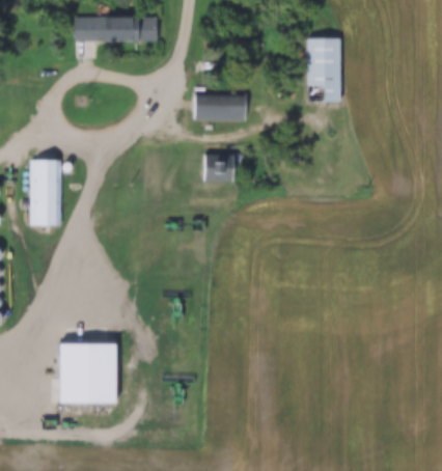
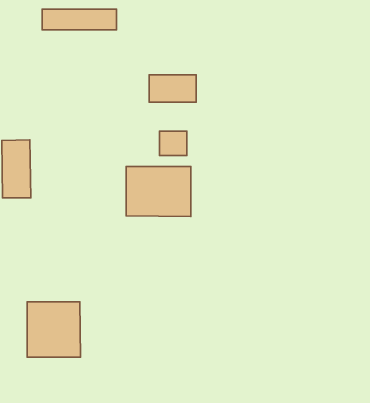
building: [305,37,341,101] -> none
building: none -> [126,167,191,217]

